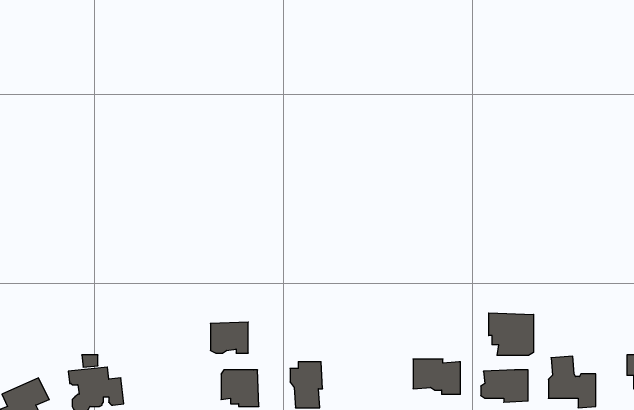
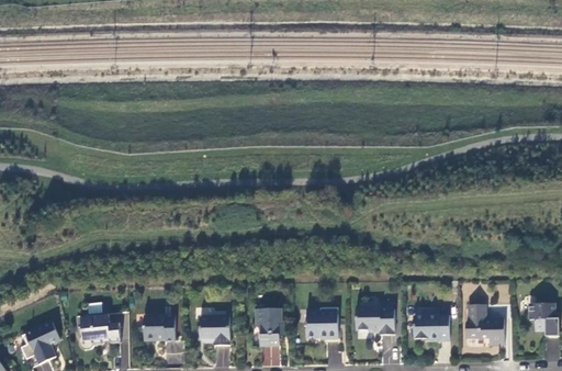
building: [489,313,534,355] -> none
building: [210,322,248,353] -> [144,314,175,339]
building: none -> [305,306,338,338]

